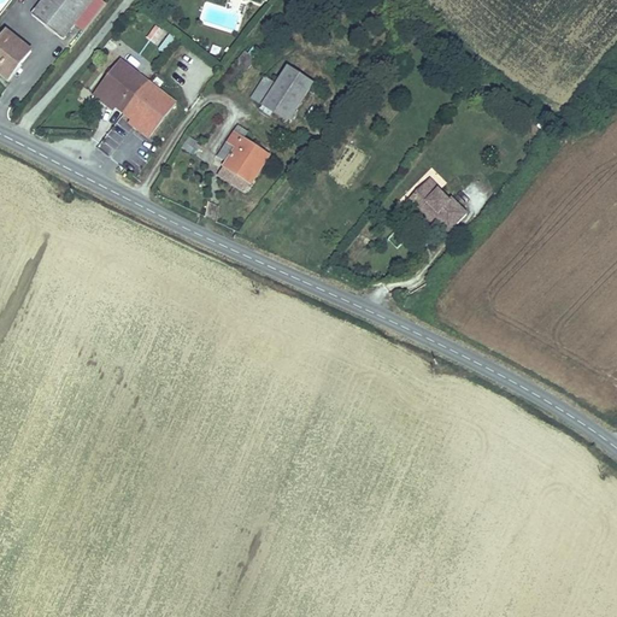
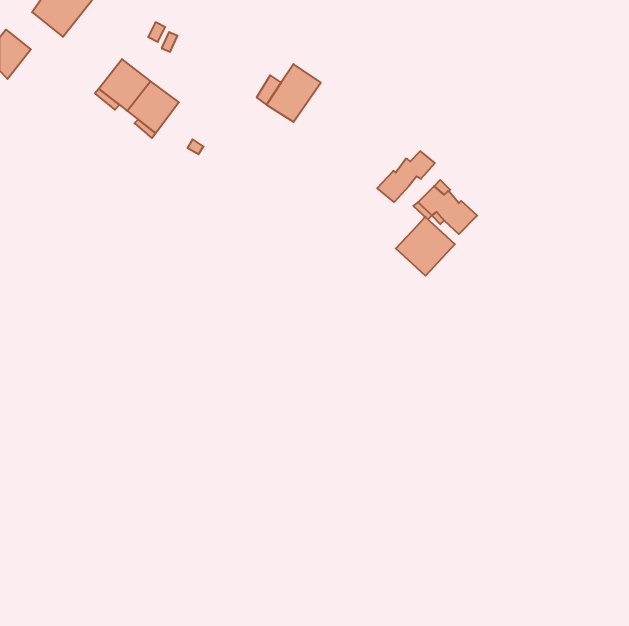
building: [218,124,269,189] -> none
building: none -> [377,151,435,202]
building: none -> [396,217,455,276]

